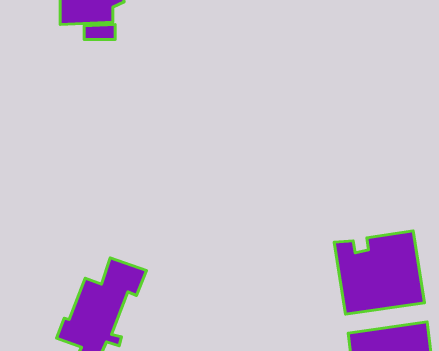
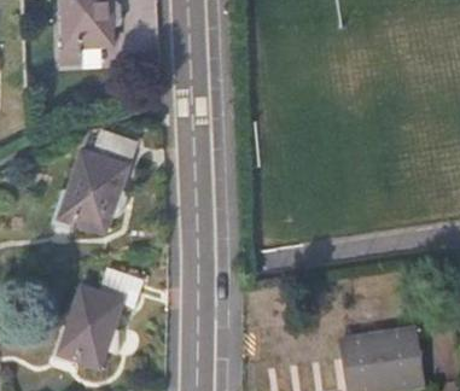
building: none -> [58,130,136,233]
building: [334,231,424,314] -> none

